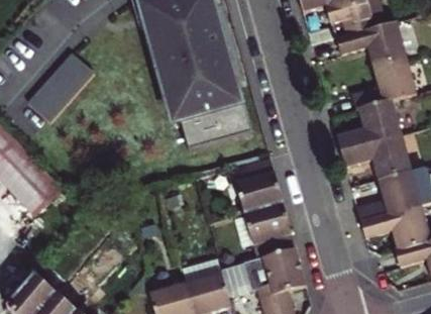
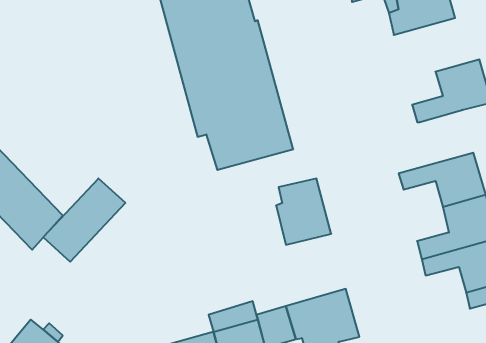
building: [335,20,406,68] -> none
building: [24,53,92,121] -> [43,178,125,262]
building: [335,99,401,151] -> none
building: [246,201,296,255] -> none

